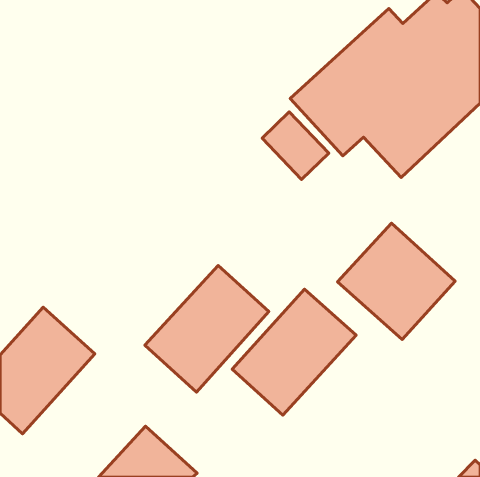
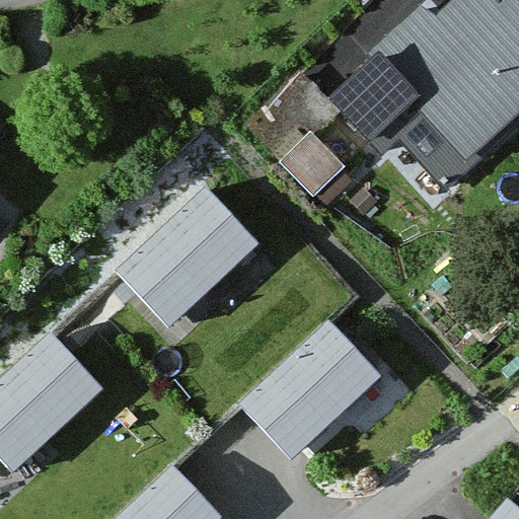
building: [337,223,455,340] -> none
building: [145,266,269,392] -> [117,193,250,329]

